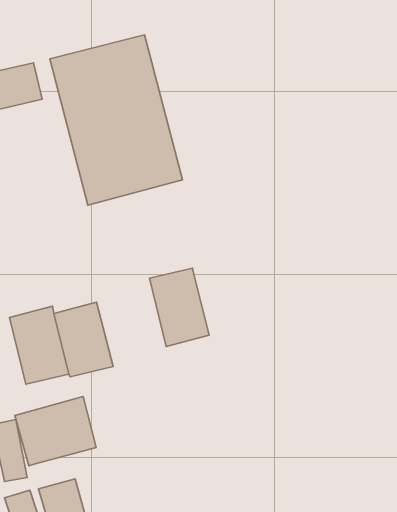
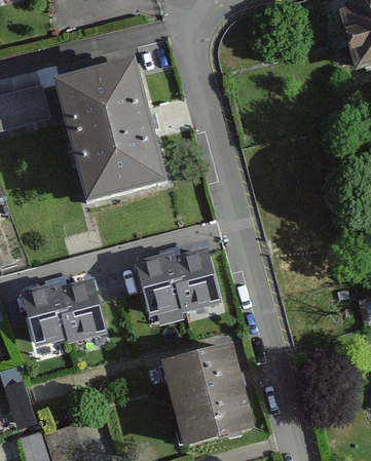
building: none -> [172,248,220,309]
building: none -> [163,343,251,441]
building: [15,397,96,466] -> none

